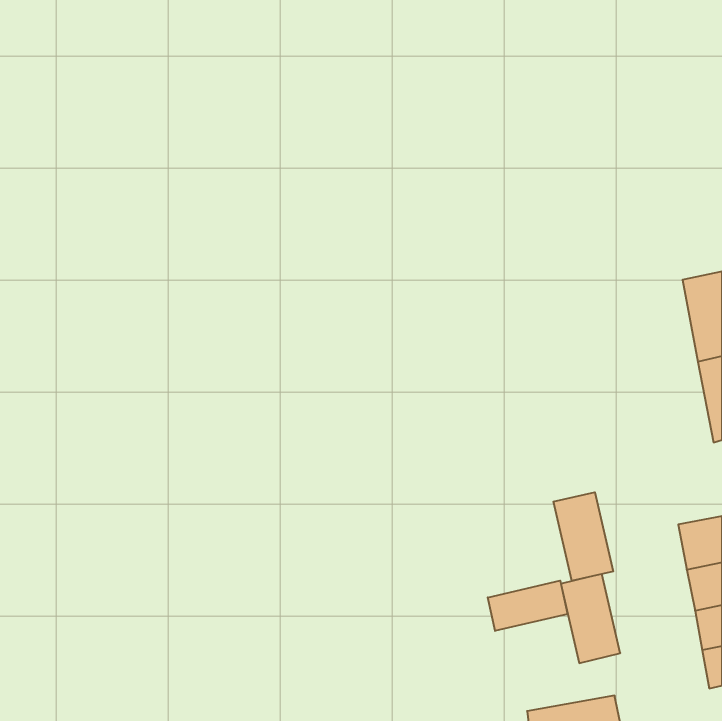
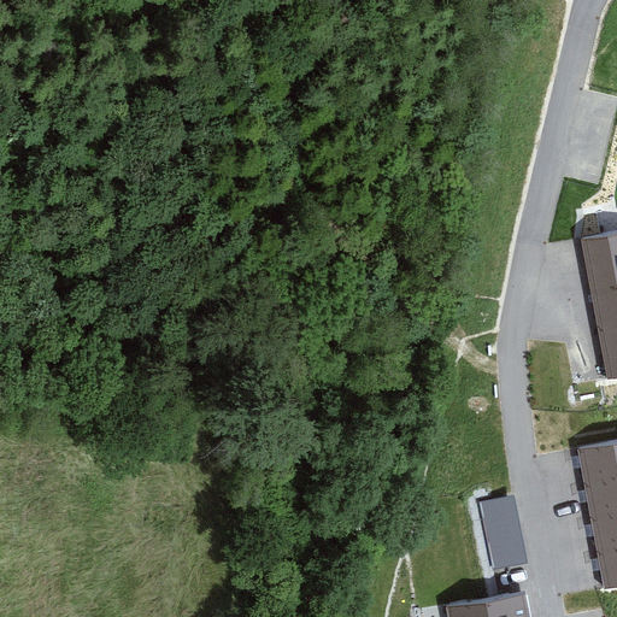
building: [553,492,613,581] -> none
building: [488,581,568,631] -> none

